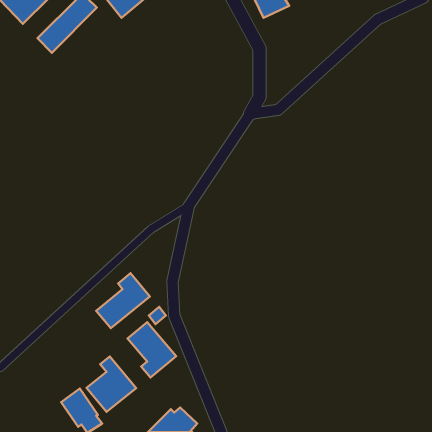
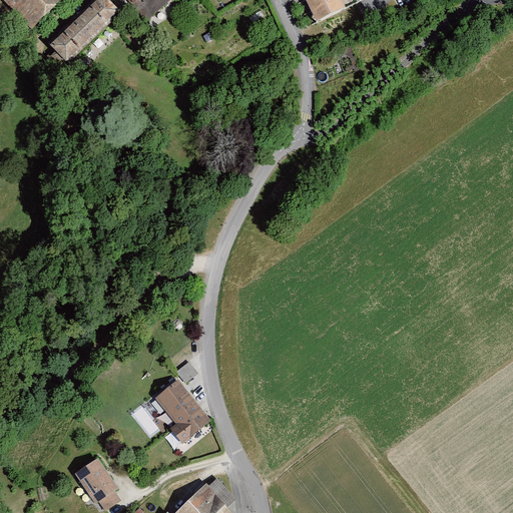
building: [96,273,150,328] -> none
building: [86,356,136,412] -> none

